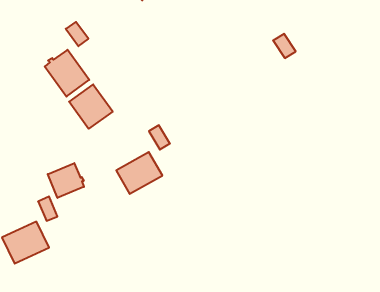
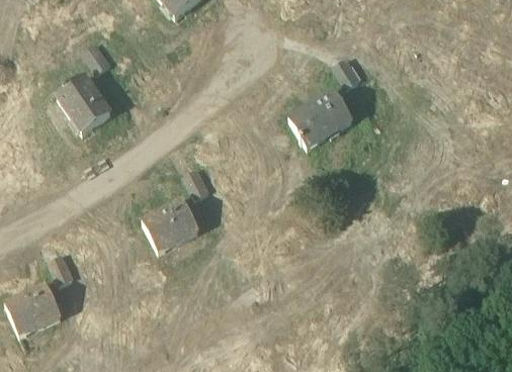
building: none -> [288,89,352,147]
building: [69,84,113,129] -> none
building: [48,163,84,198] -> none

